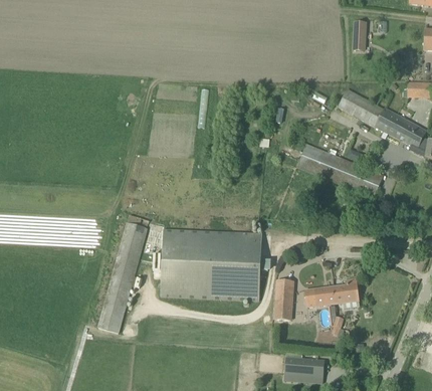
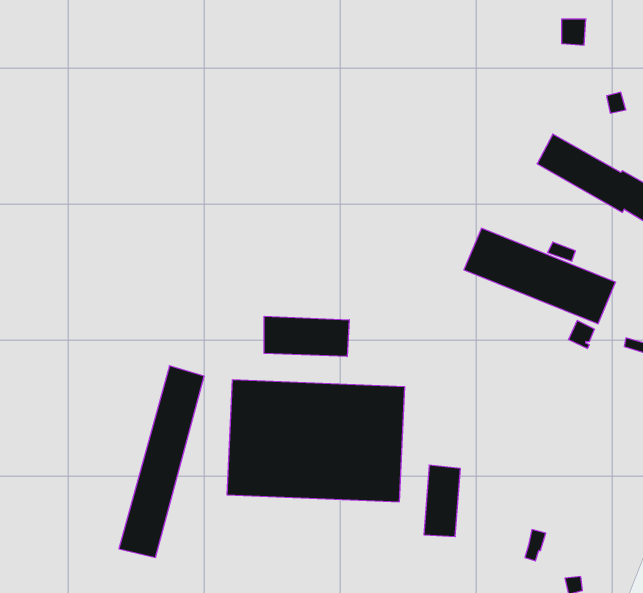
building: none -> [264,316,349,357]
building: [305,277,359,307] -> none

